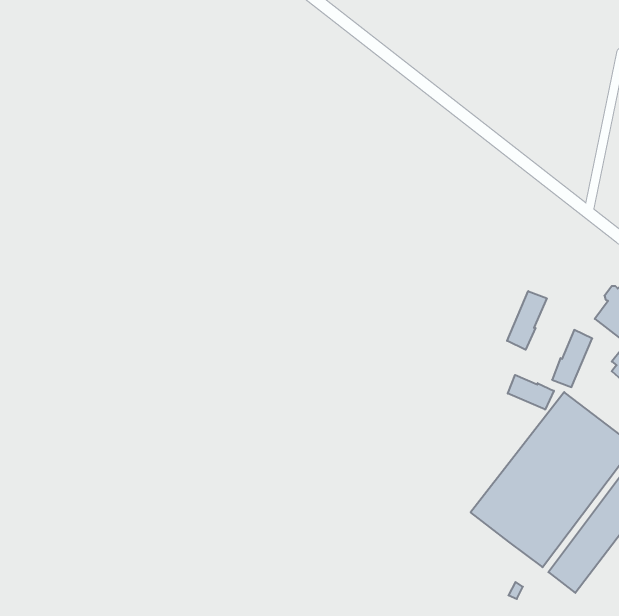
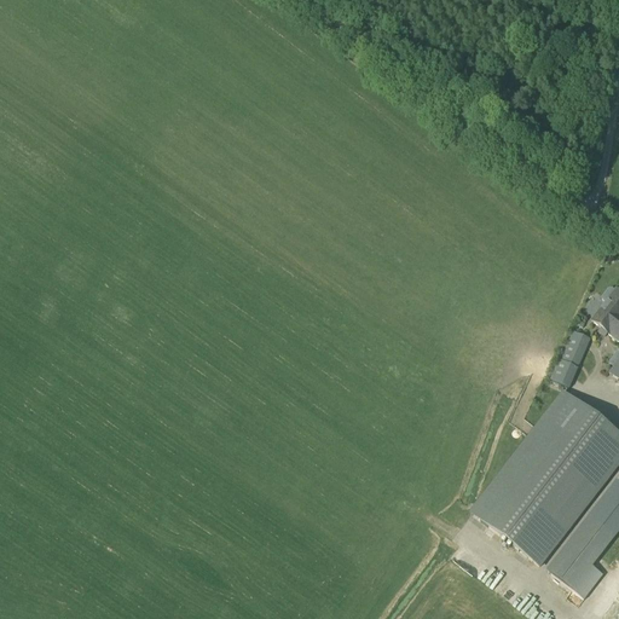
building: [507,291,547,350] -> none
building: [508,375,554,410] -> none

